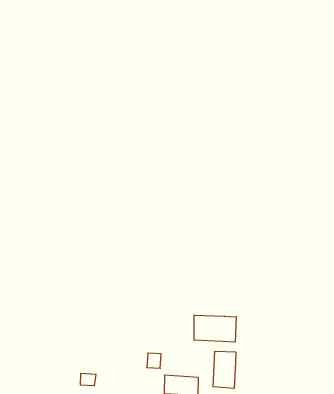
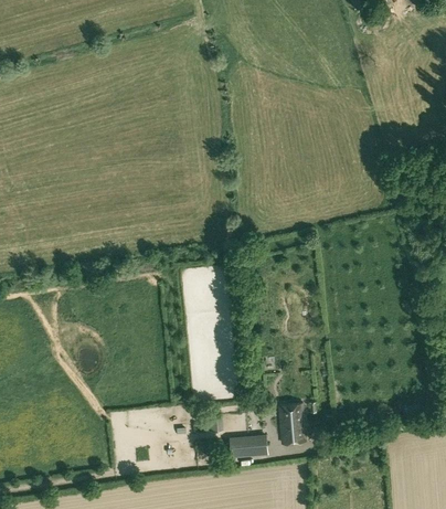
building: [194,315,236,342] -> none

